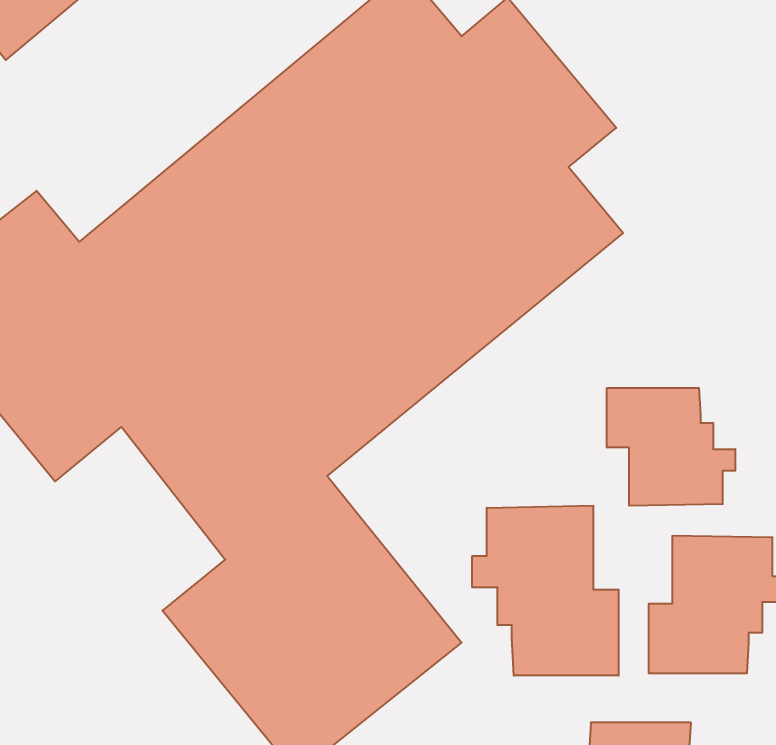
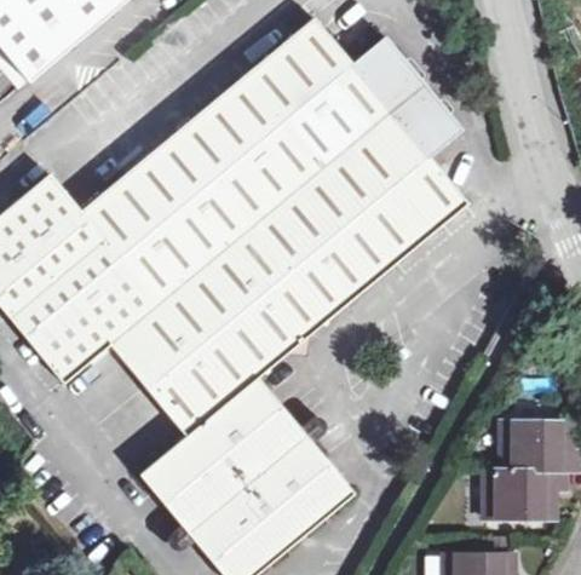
building: [607,388,735,506] -> none
building: [472,506,619,676] -> none

